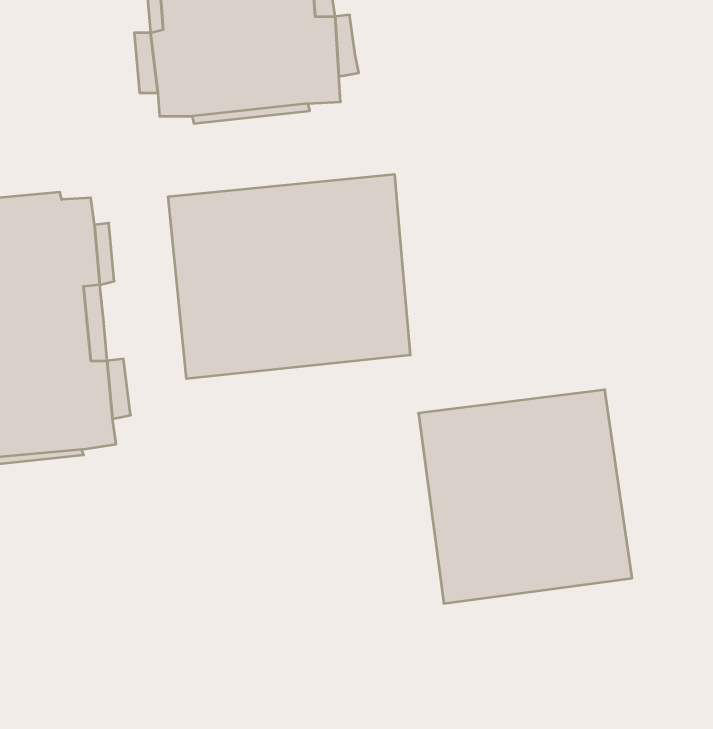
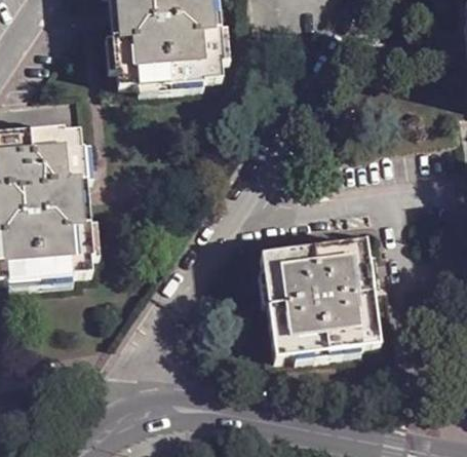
building: [168,174,410,379] -> none

